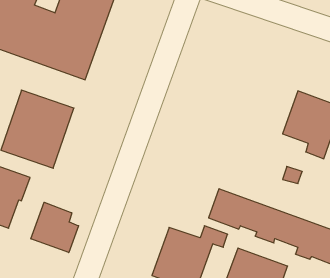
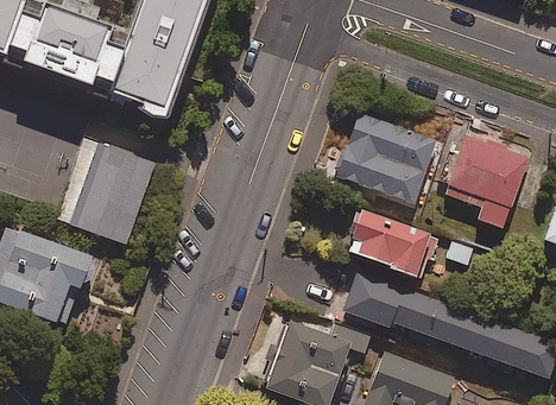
building: none -> [336,112,436,203]
building: none -> [345,210,429,279]
building: [31,202,79,253] -> none

